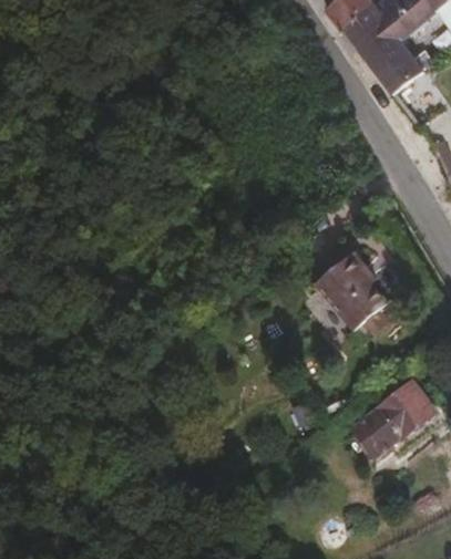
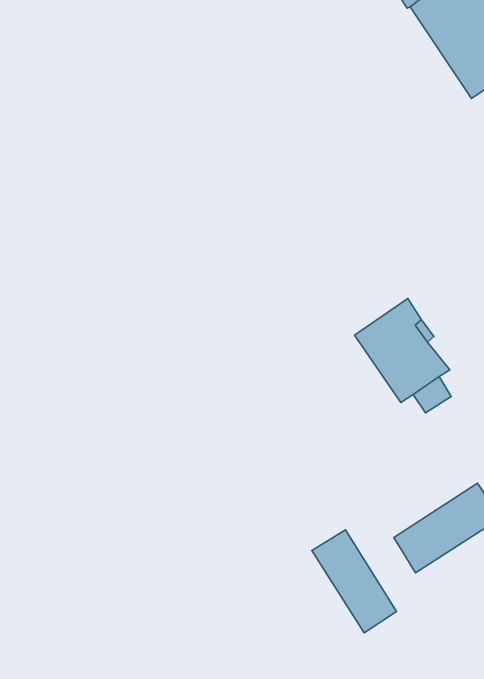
building: none -> [312,530,397,633]

